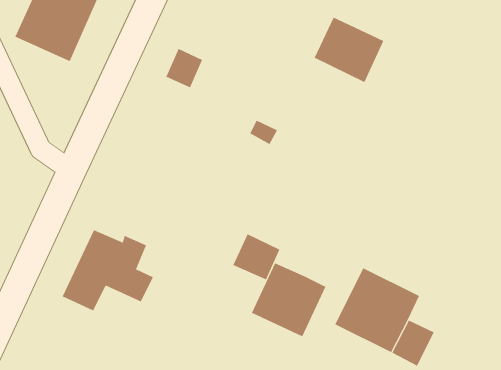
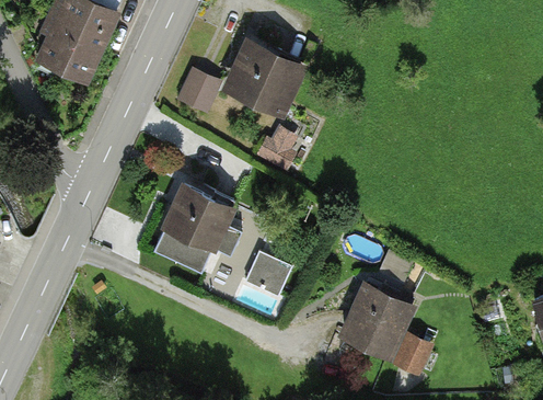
building: [314,17,384,83] -> [229,44,297,107]
building: [62,229,154,311] -> [152,184,241,263]
building: [251,262,326,337] -> none

